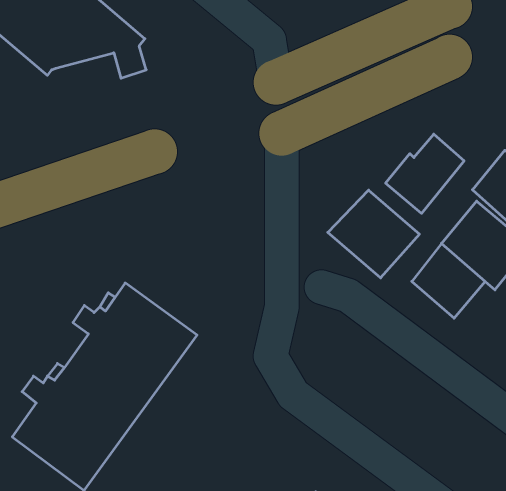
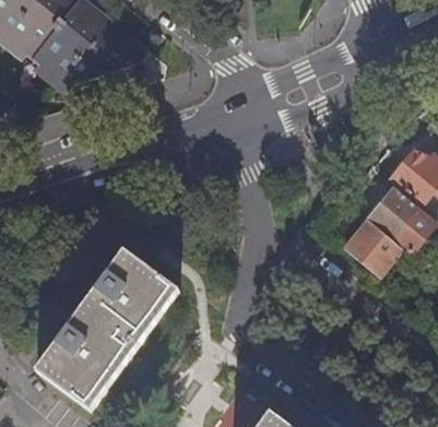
building: [386,134,464,213] -> none
building: [328,190,419,278] -> none

